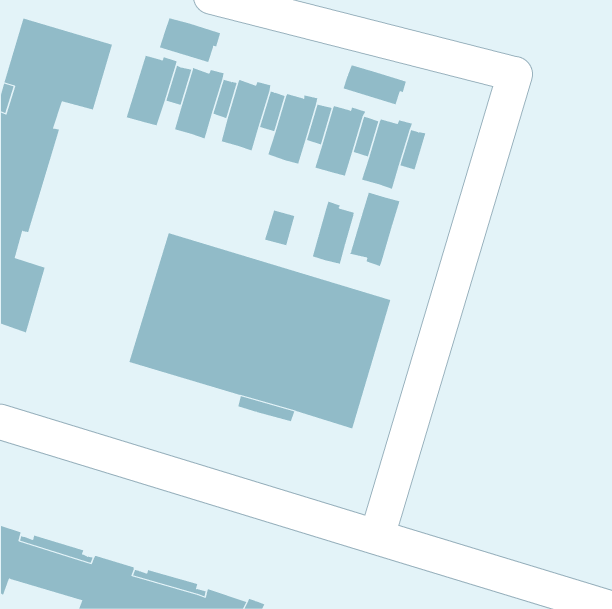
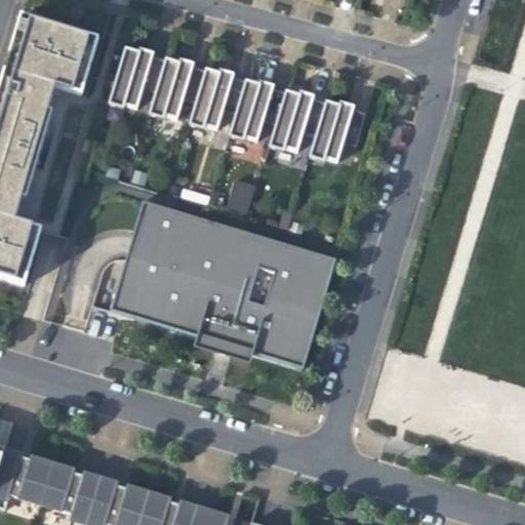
building: [159,17,221,63] -> none
building: [343,65,407,105] -> none
building: [349,192,400,267] -> none
building: [312,201,354,265] -> none

